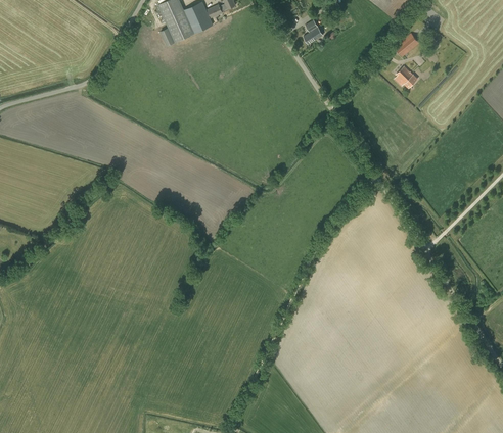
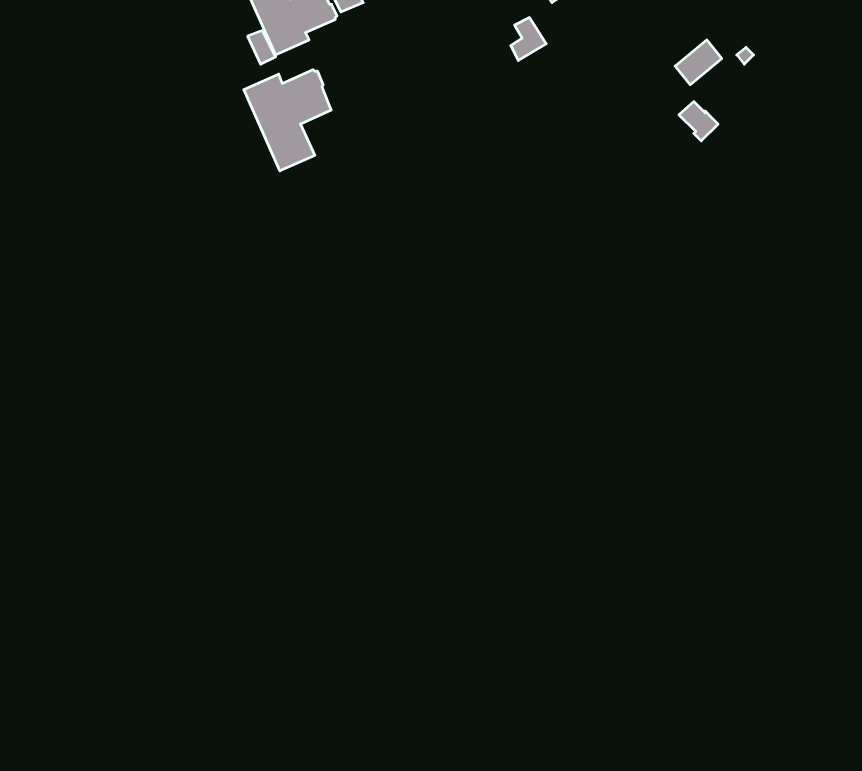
building: none -> [244,70,331,171]

